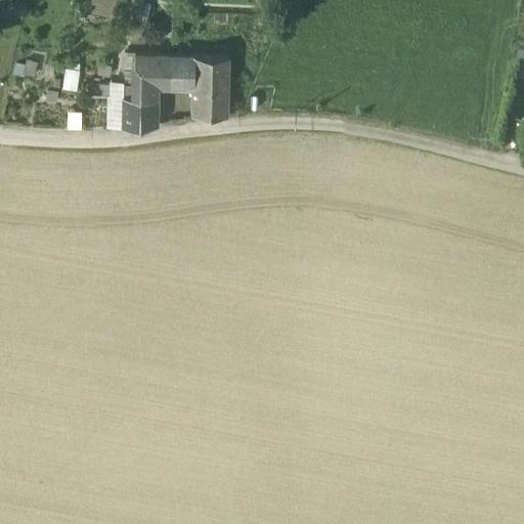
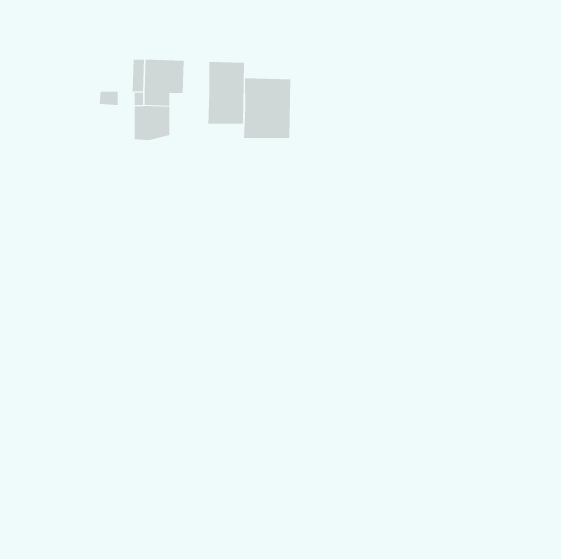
building: [171,58,194,89] -> none
building: none -> [243,78,291,139]

